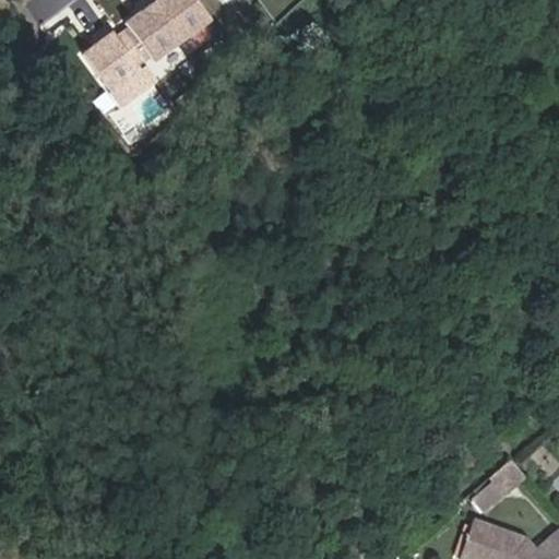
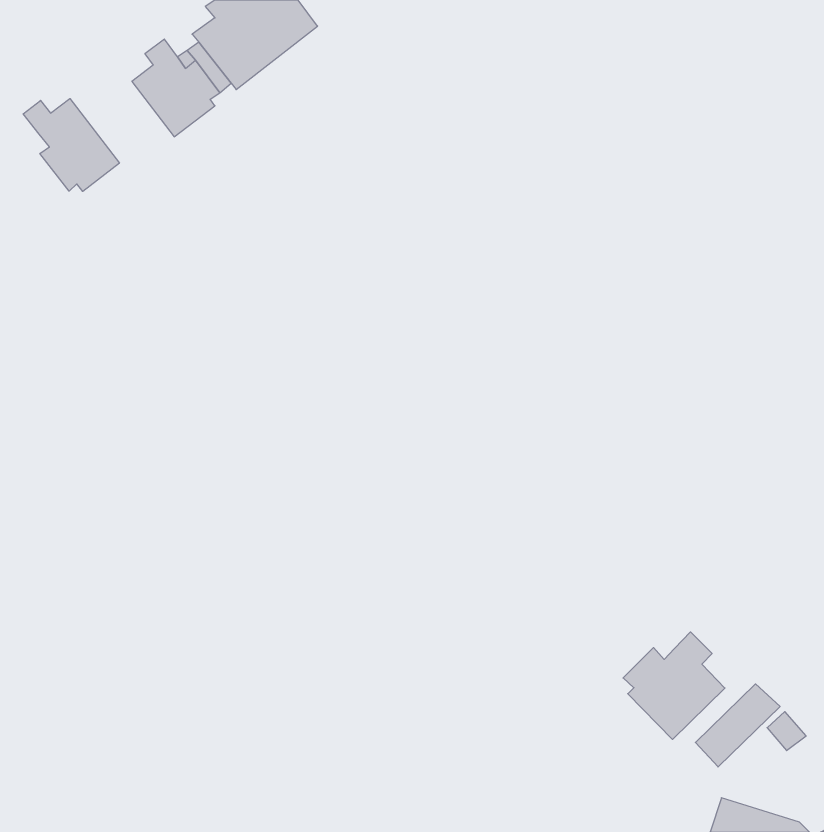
building: none -> [23,99,119,191]
building: none -> [623,632,725,739]

